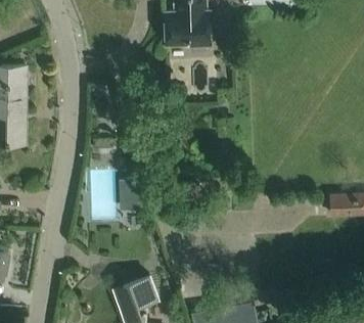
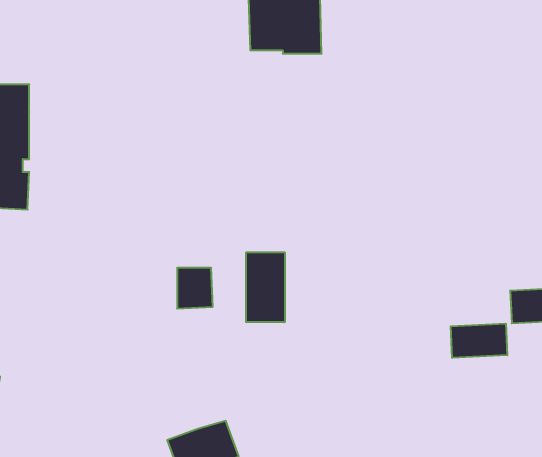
building: none -> [246,252,285,322]
building: none -> [451,324,507,358]

